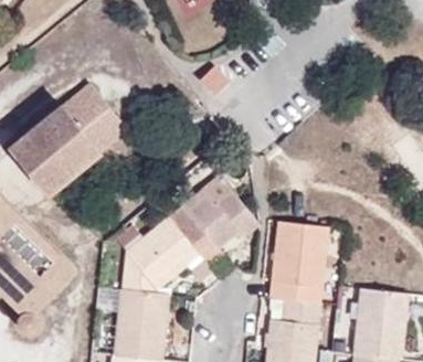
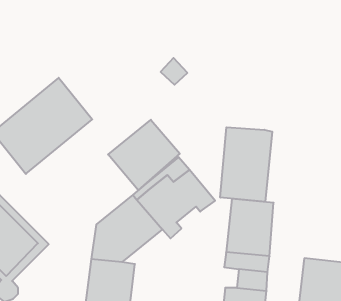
building: none -> [108,120,180,190]
building: none -> [220,127,272,202]

